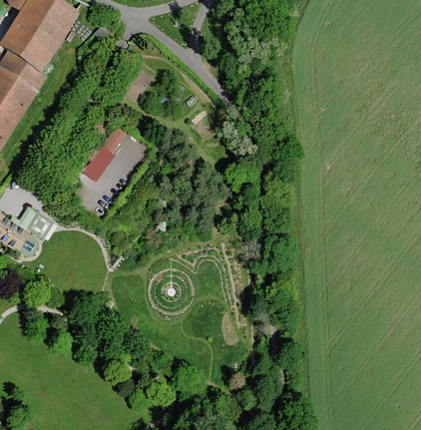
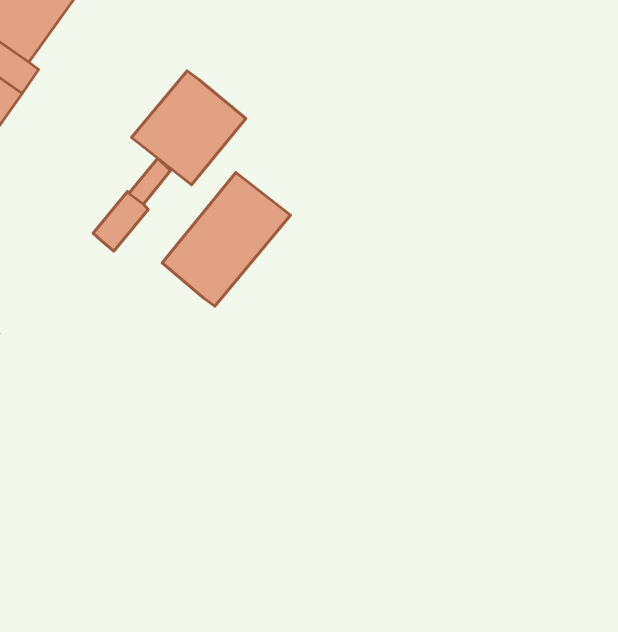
building: none -> [132,71,246,185]
building: none -> [162,172,290,306]

